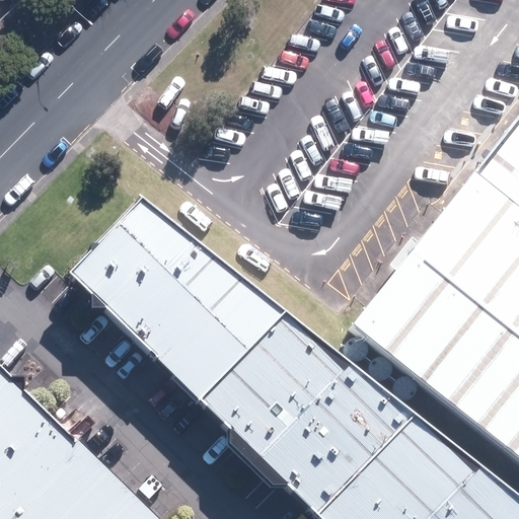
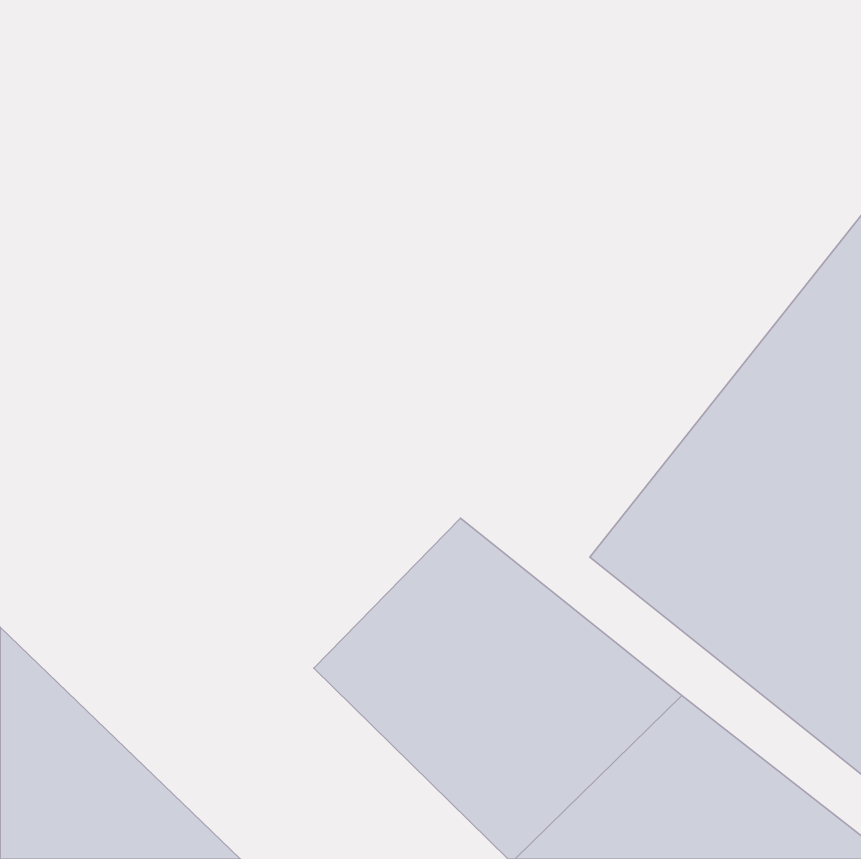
building: [67,195,280,397] -> none

